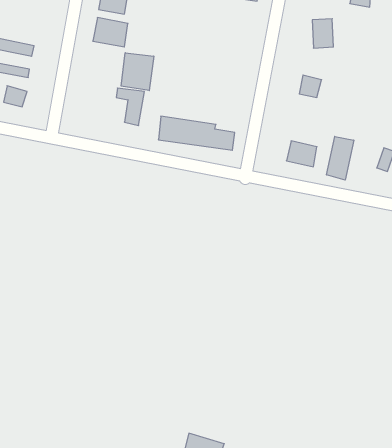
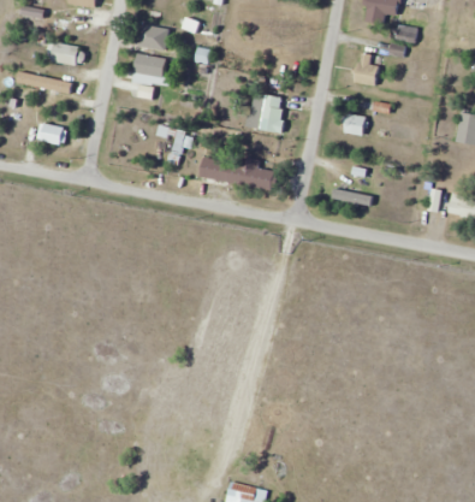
building: none -> [53,43,85,65]
building: [121,53,154,91] -> none
building: none -> [249,94,283,131]
building: [327,136,354,180] -> none

